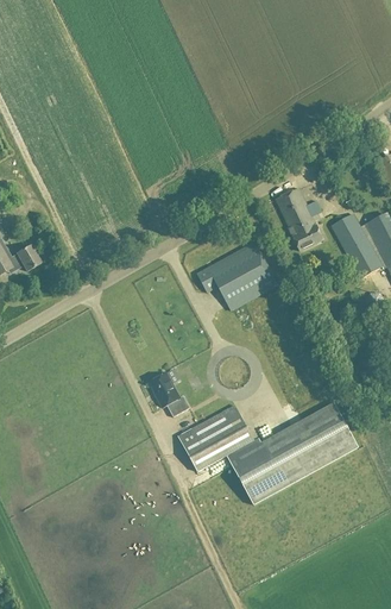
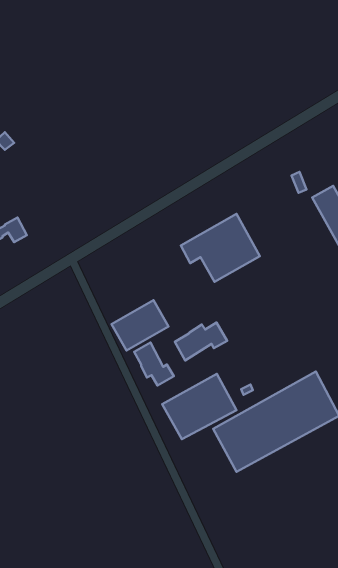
building: [275,187,322,250] -> none
building: none -> [112,300,169,351]
building: none -> [175,323,227,360]

